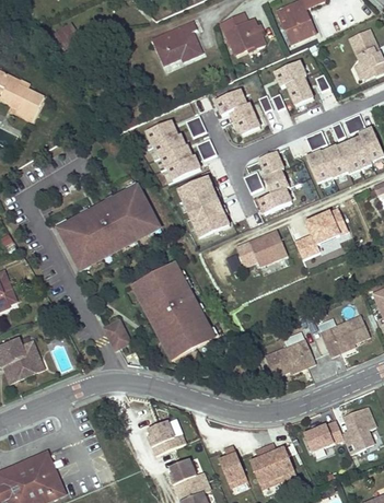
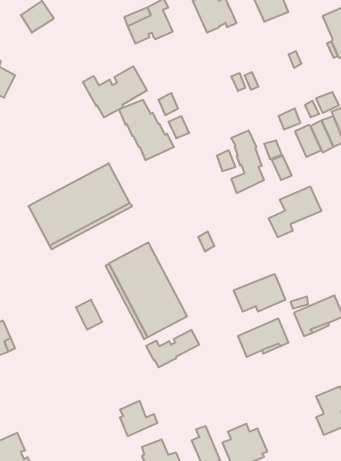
building: [275,61,313,106] -> none
building: none -> [83,66,147,117]
building: [214,90,259,134] -> none
building: [306,152,333,184] -> none
building: [178,178,229,236] -> none
building: [235,230,287,267] -> [234,274,285,312]
building: none -> [146,330,199,367]
building: [304,421,344,453] -> none

